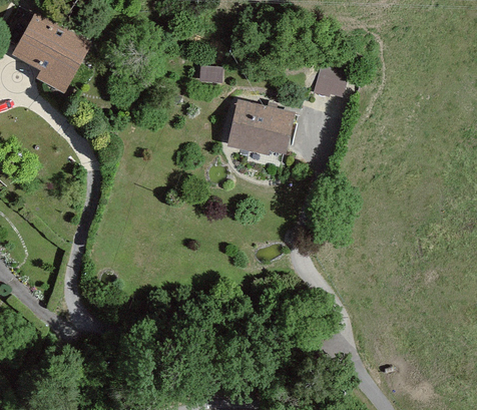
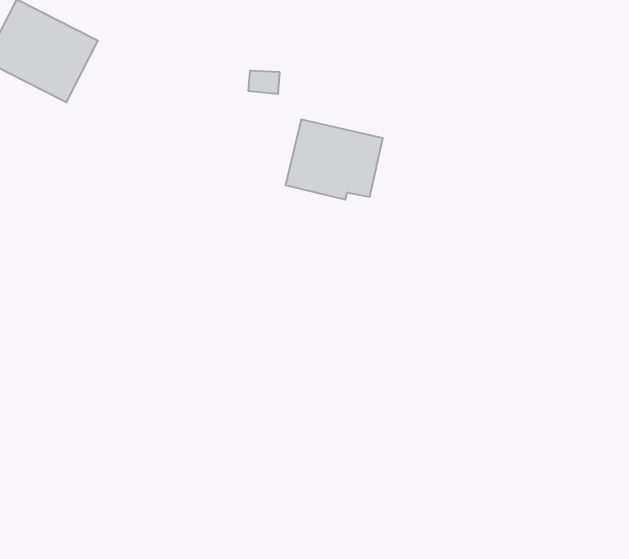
building: [310,63,346,96] -> none

